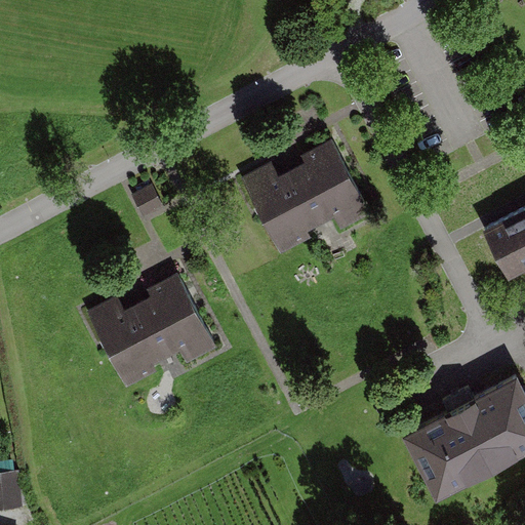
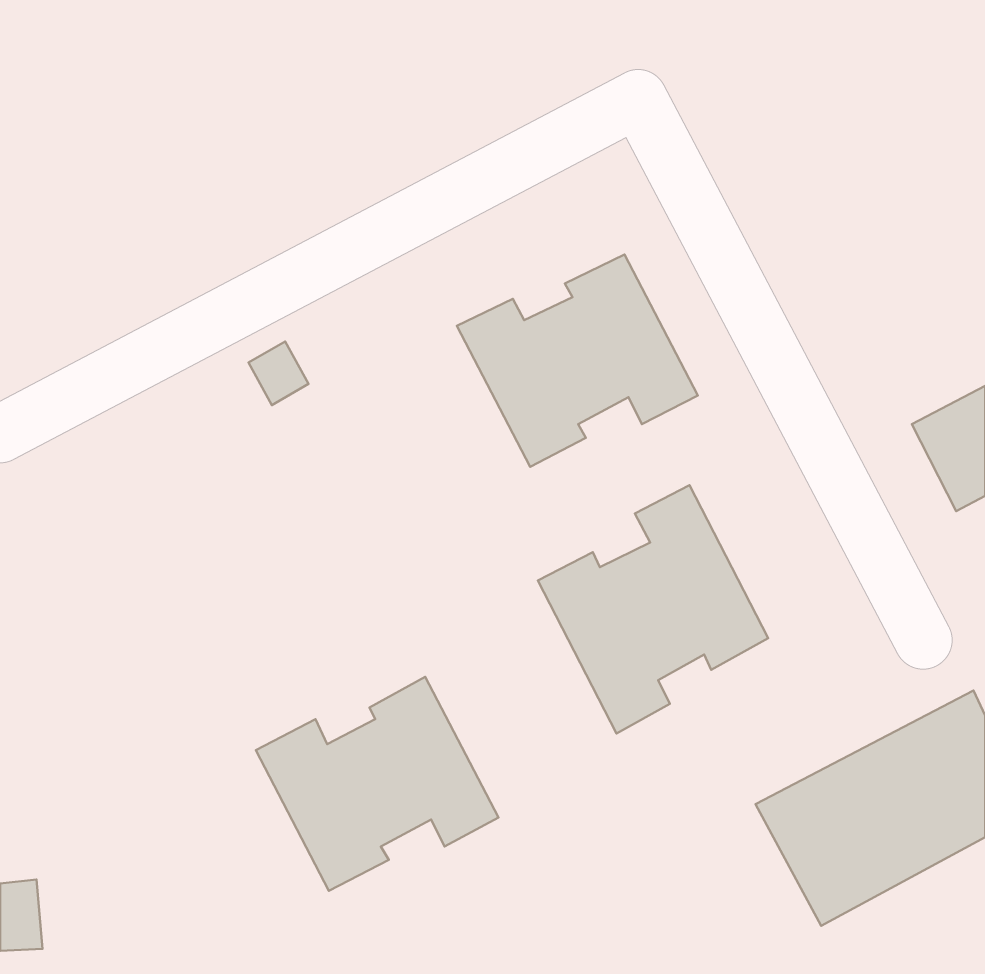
building: none -> [538,485,768,733]
building: [87,275,216,389] -> [256,677,499,891]

